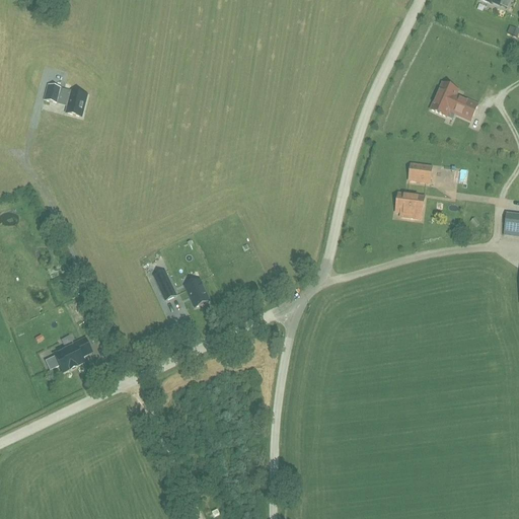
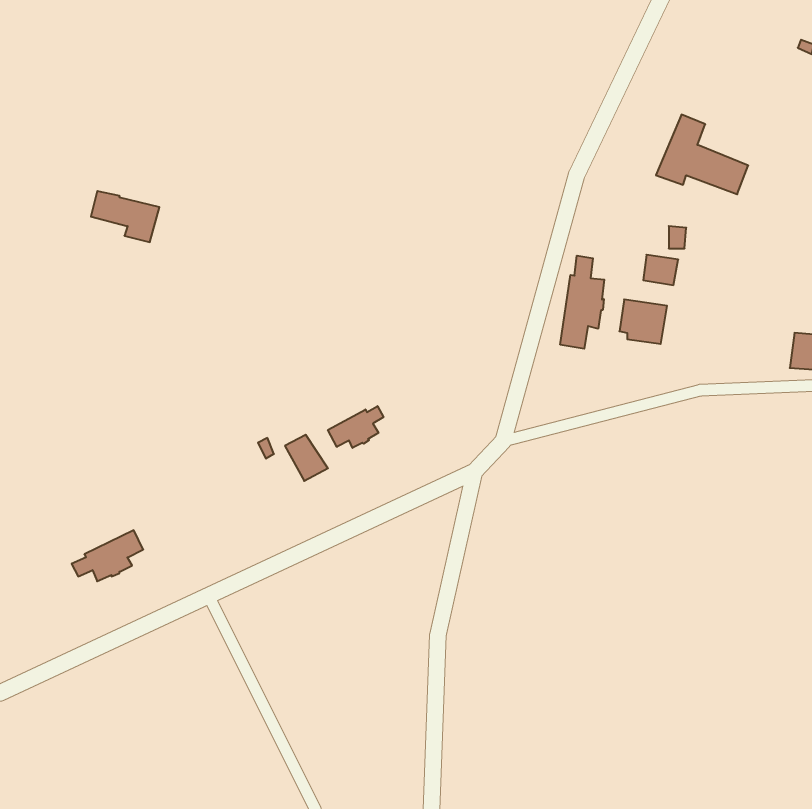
building: [45,82,88,115] -> [91,191,159,242]
building: none -> [560,256,604,349]
building: none -> [328,406,383,448]

